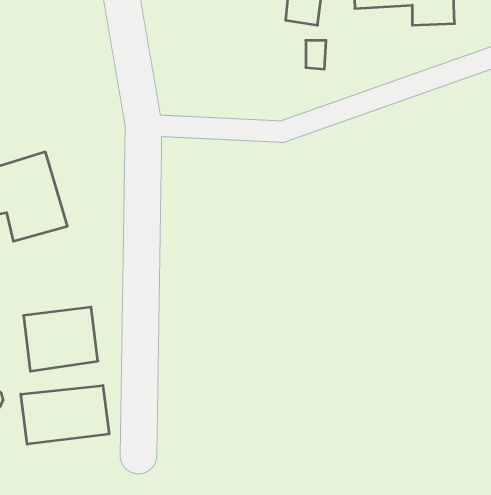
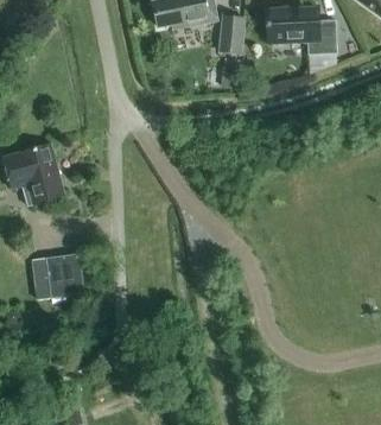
building: [21,385,109,444] -> none

